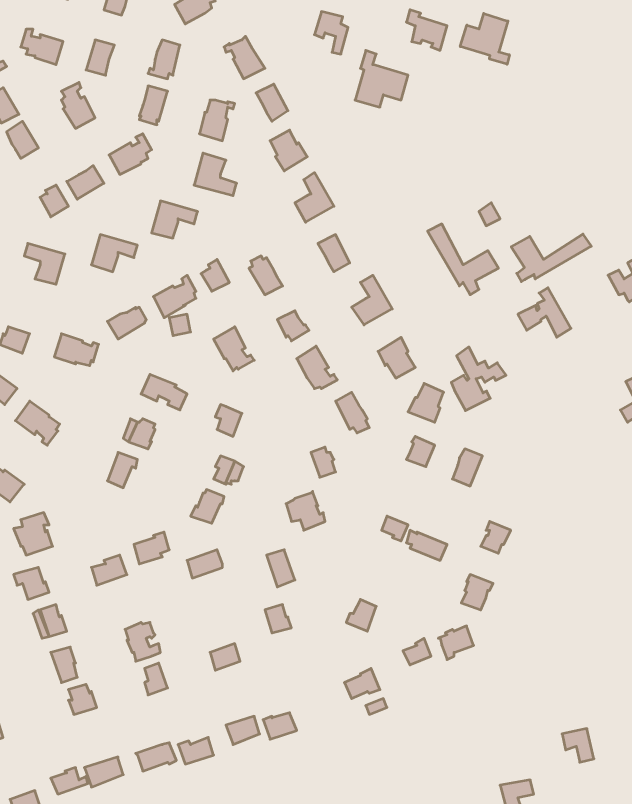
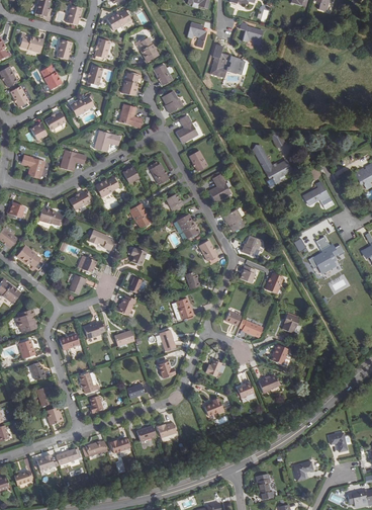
building: [460,13,509,64] -> none
building: [511,234,591,282] -> none
building: [451,347,506,411] -> [312,236,344,272]

